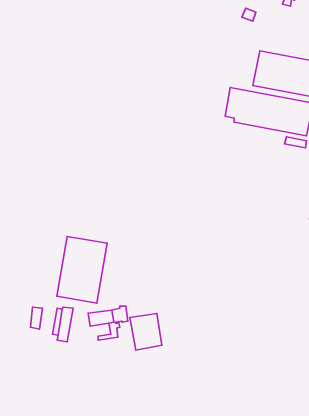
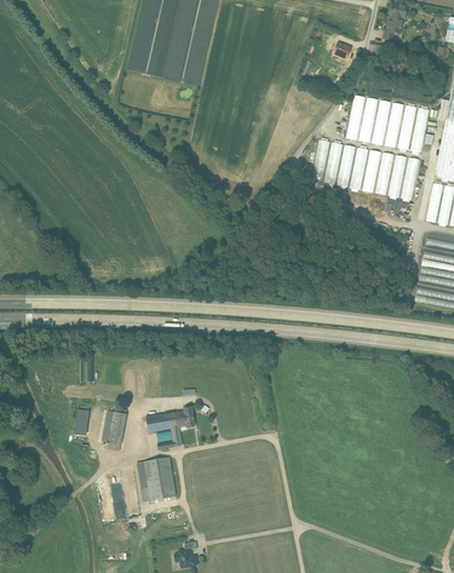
building: [57,236,107,303] -> none
building: [130,314,162,350] -> [137,457,176,502]

